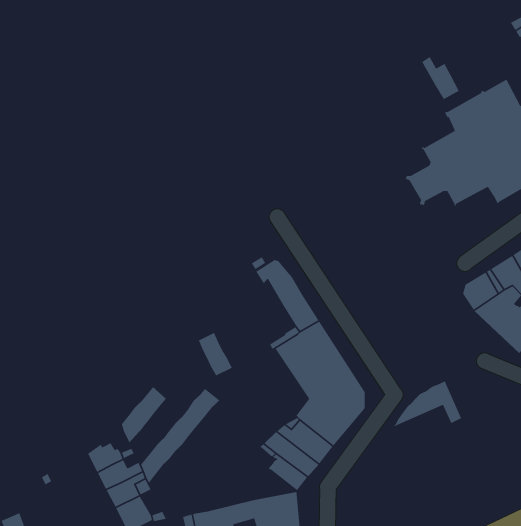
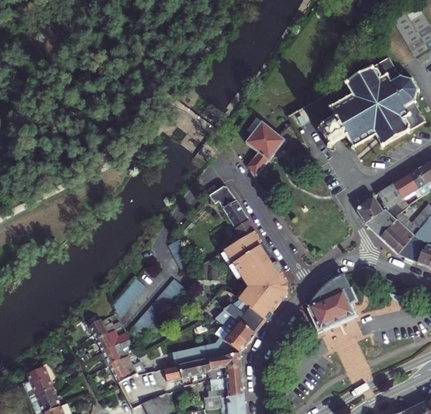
building: [421,56,460,100] -> none
building: none -> [245,117,285,178]
building: none -> [309,291,354,330]
building: none -> [172,337,239,366]

